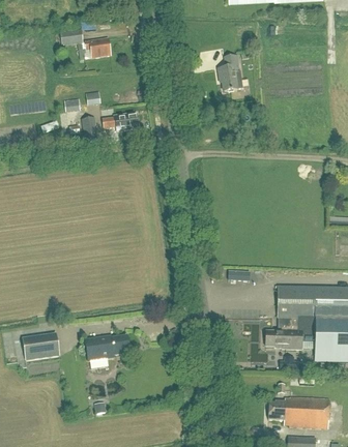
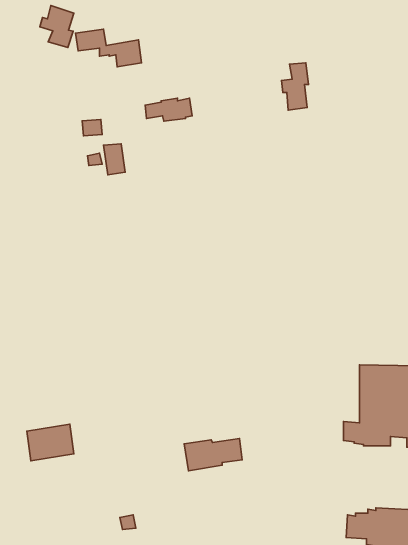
building: none -> [40,5,74,47]
building: [103,113,139,130] -> [145,98,192,121]
building: [85,335,129,360] -> [184,438,242,471]

